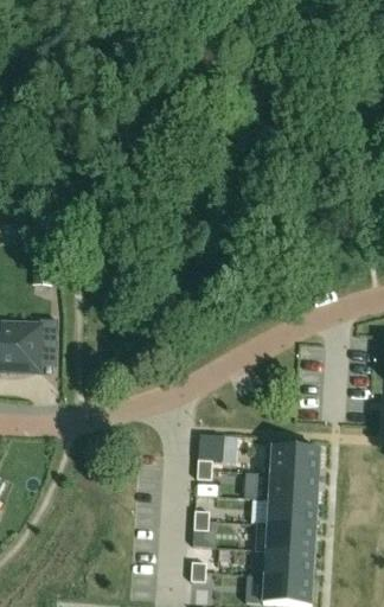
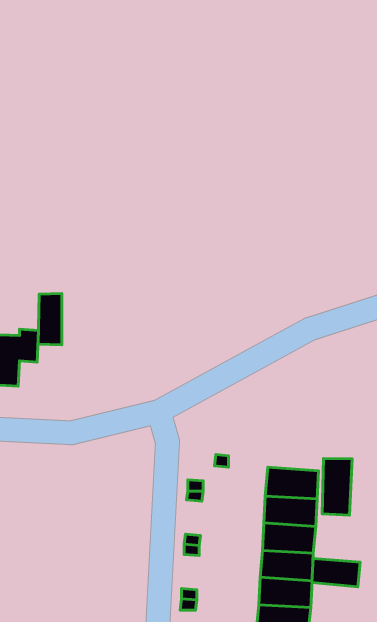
building: none -> [38,294,62,345]
building: none -> [322,458,352,515]
building: none -> [312,559,360,587]

